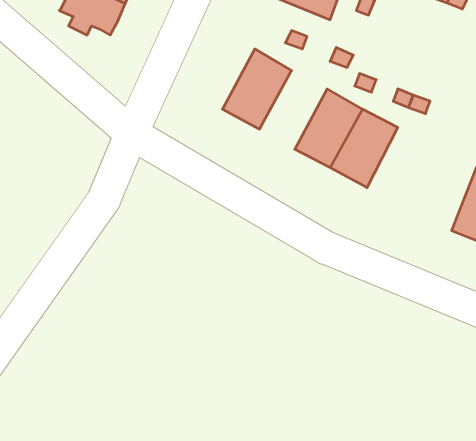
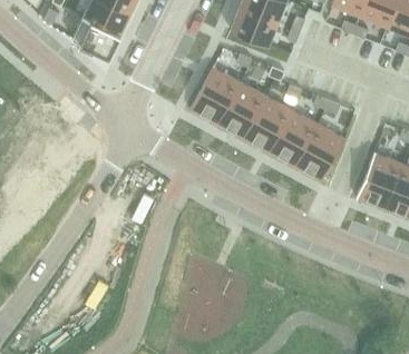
building: none -> [216,81,265,138]
building: none -> [294,122,344,180]

